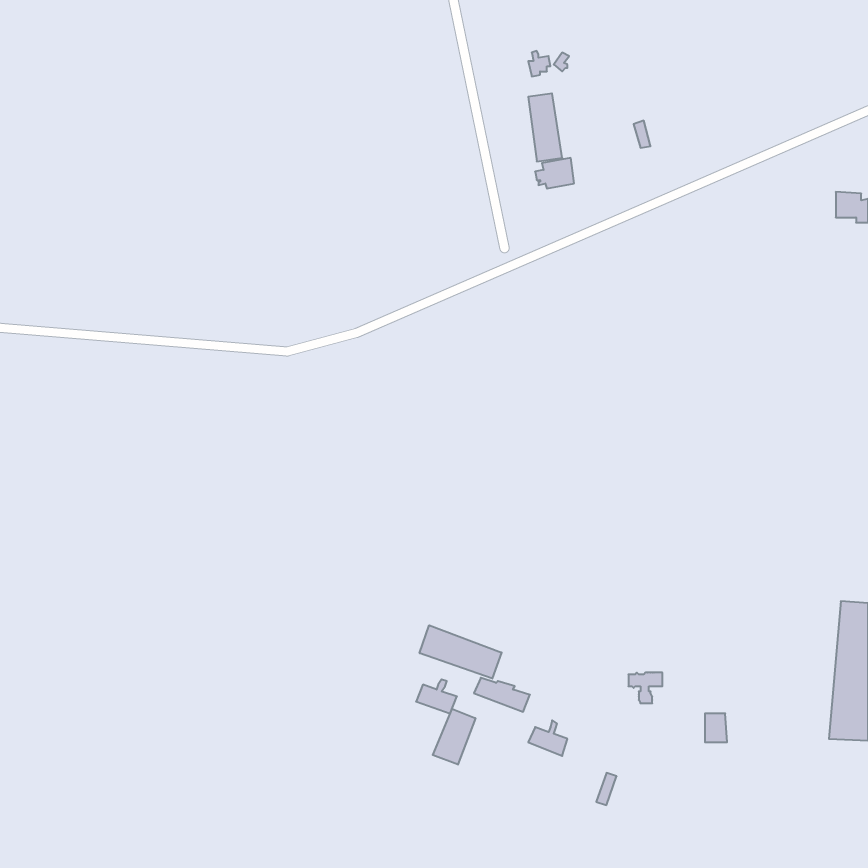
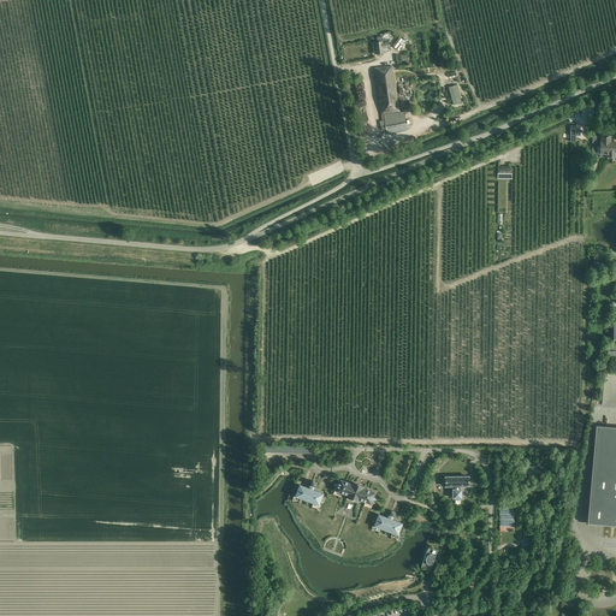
building: [420,625,502,679] -> none
building: [433,709,475,765] -> none

